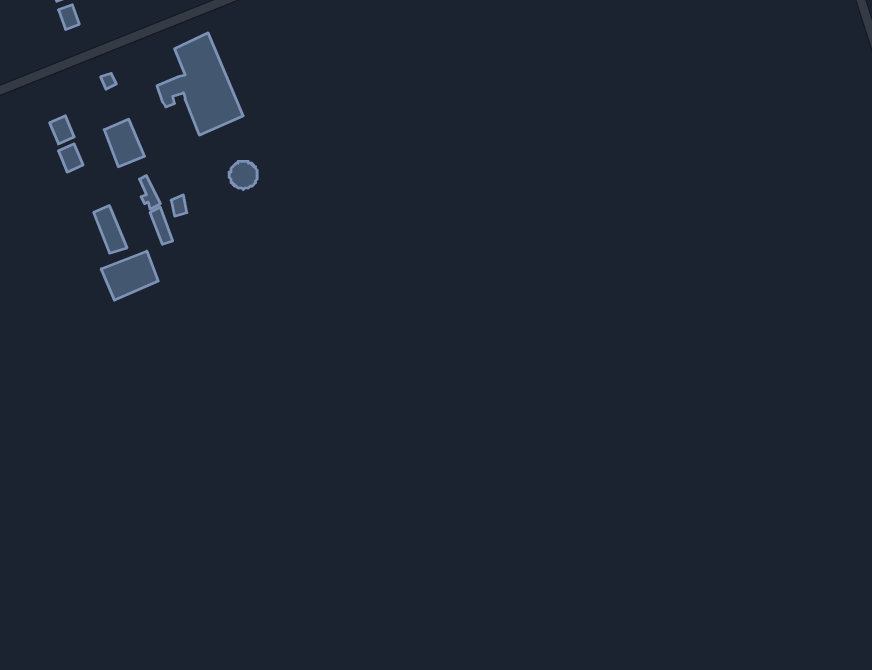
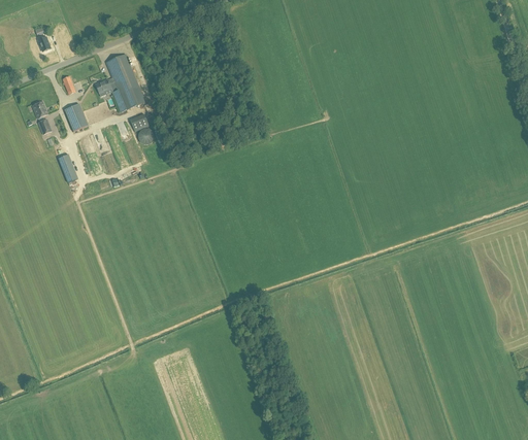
building: [101,251,158,300] -> none

